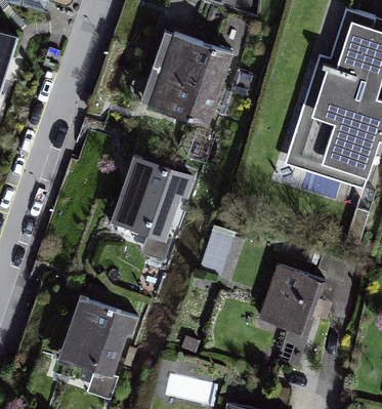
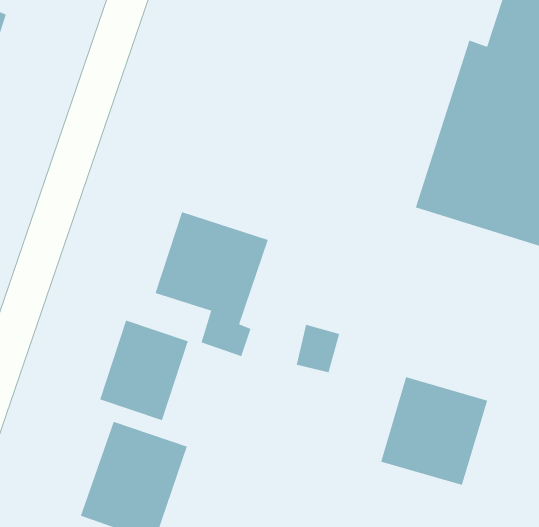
building: [147,39,234,129] -> none
building: none -> [99,320,189,421]

